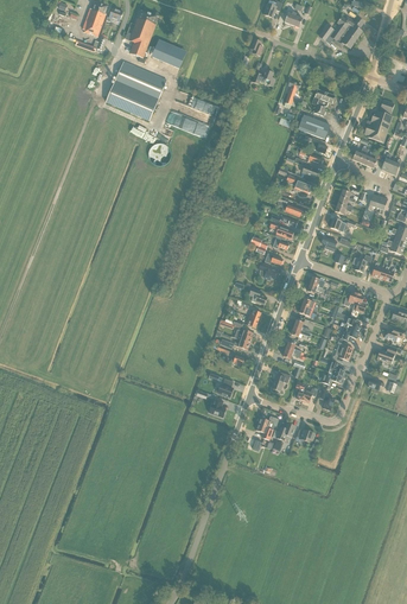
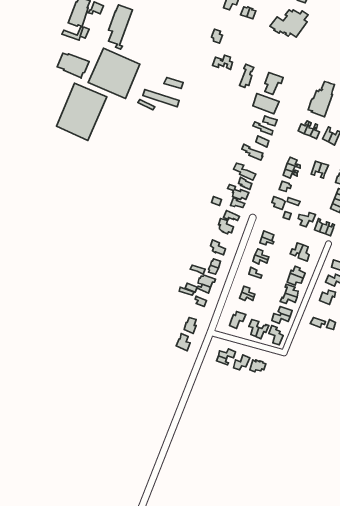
building: [151,36,185,63] -> none
building: none -> [57,53,89,78]
building: none -> [56,83,107,140]

